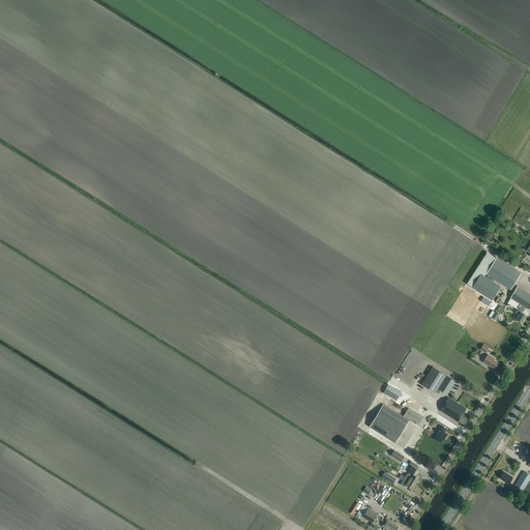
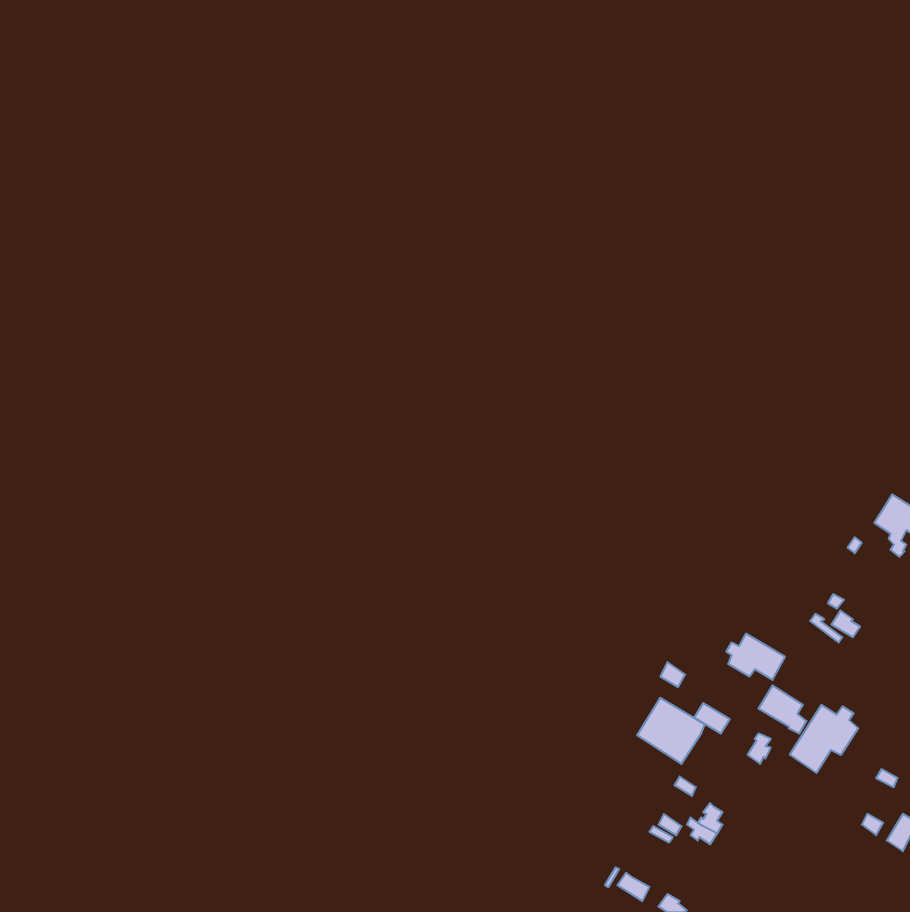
building: [468,253,522,300] -> none
building: none -> [790,705,858,773]

